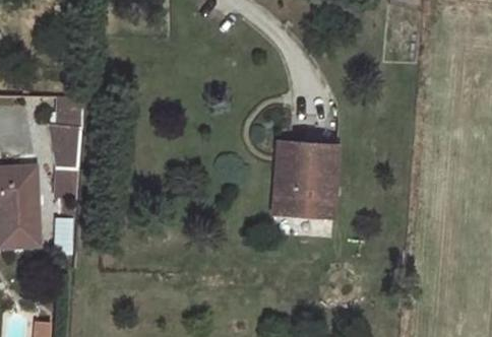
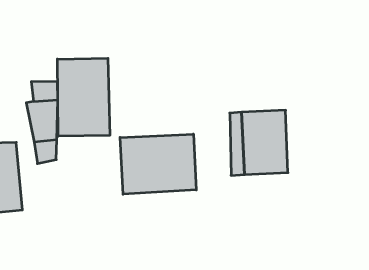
building: none -> [57,58,110,136]
building: none -> [120,134,196,194]

